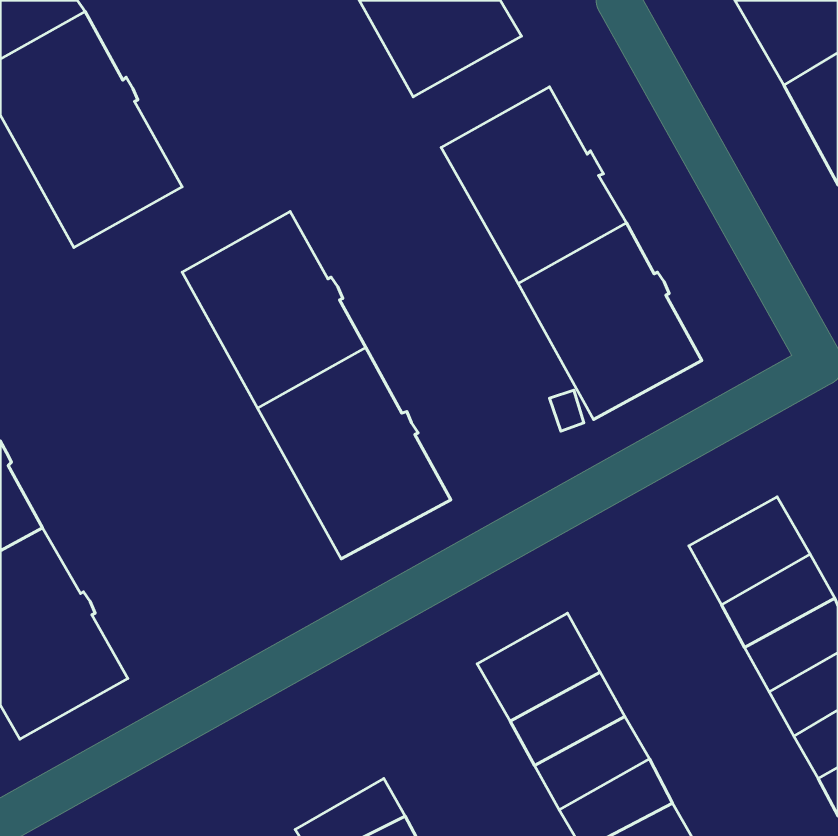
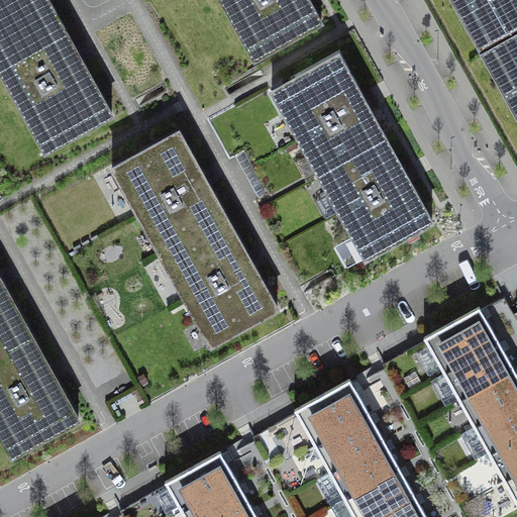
building: none -> [165,451,236,512]

